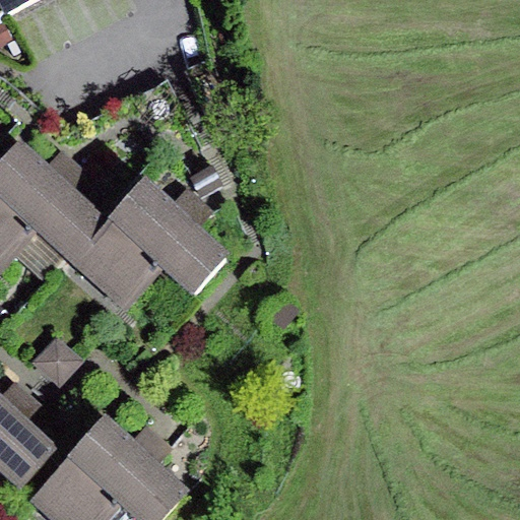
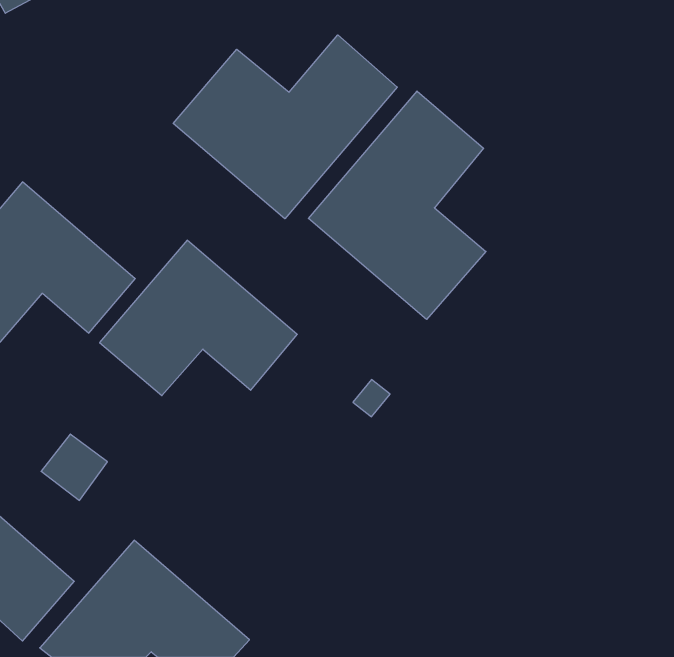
building: none -> [173,35,397,219]
building: none -> [308,91,486,319]

